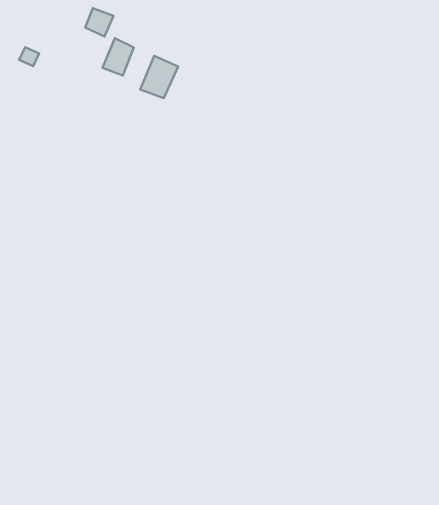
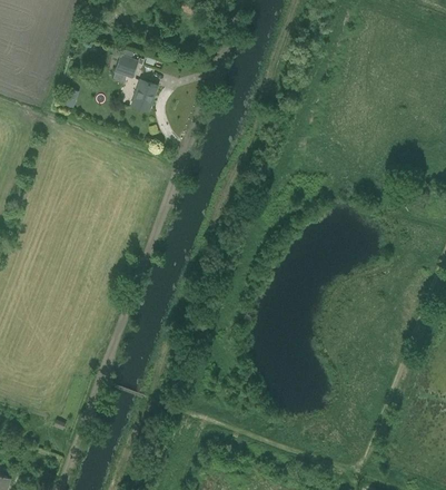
building: [140,56,178,98] -> none

